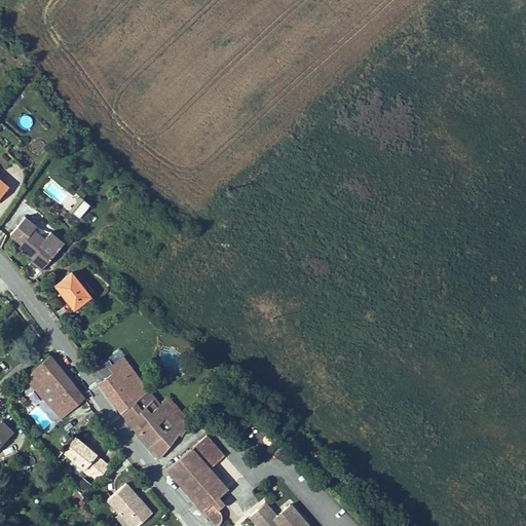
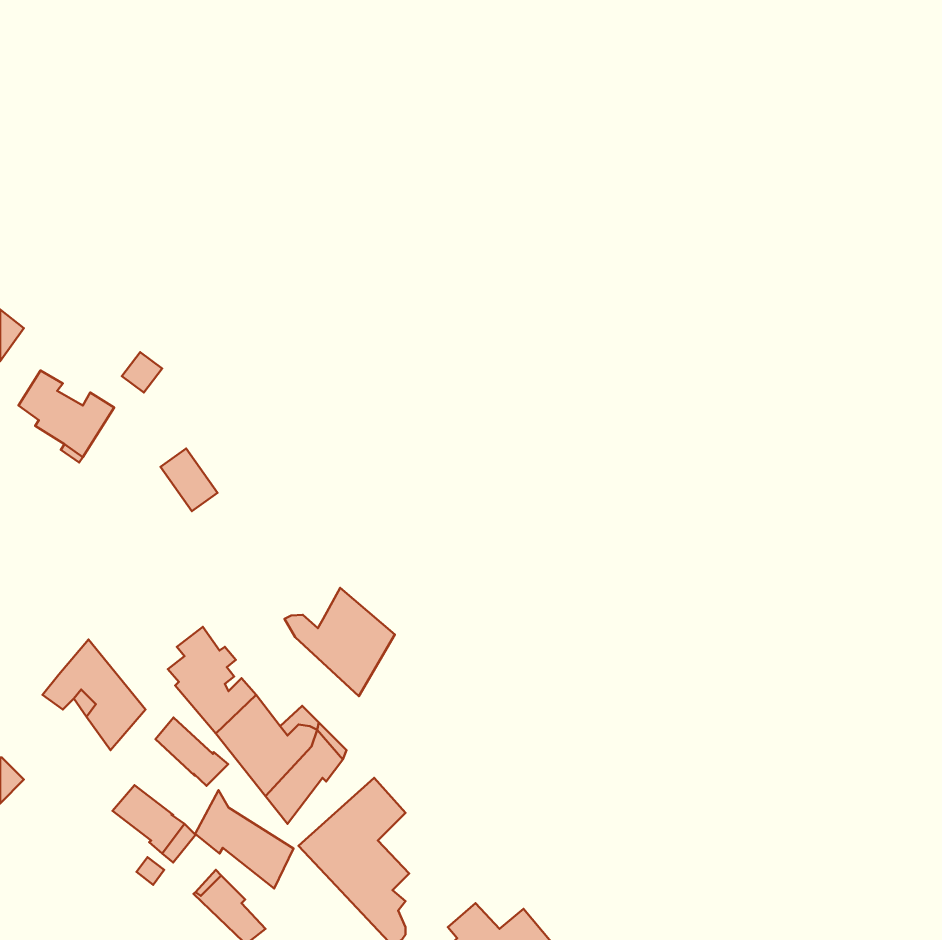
building: [57,274,88,309] -> [160,448,218,511]
building: none -> [284,588,395,696]
building: none -> [155,718,228,786]
building: none -> [195,790,293,889]

